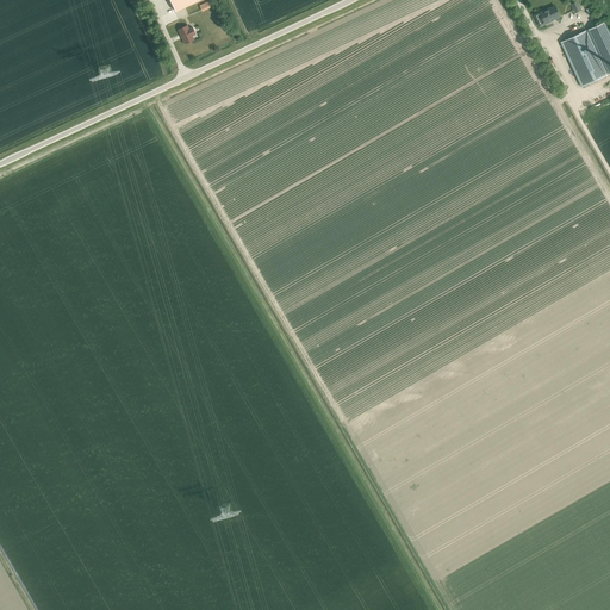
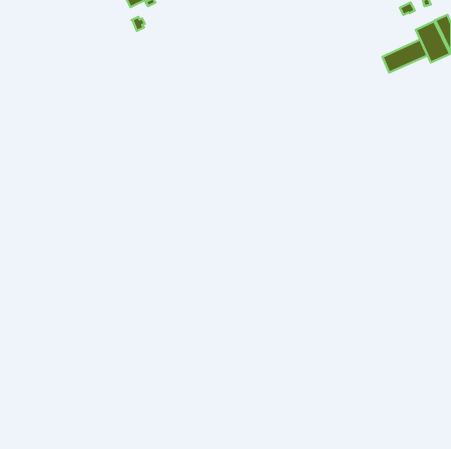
building: none -> [382,40,427,72]

